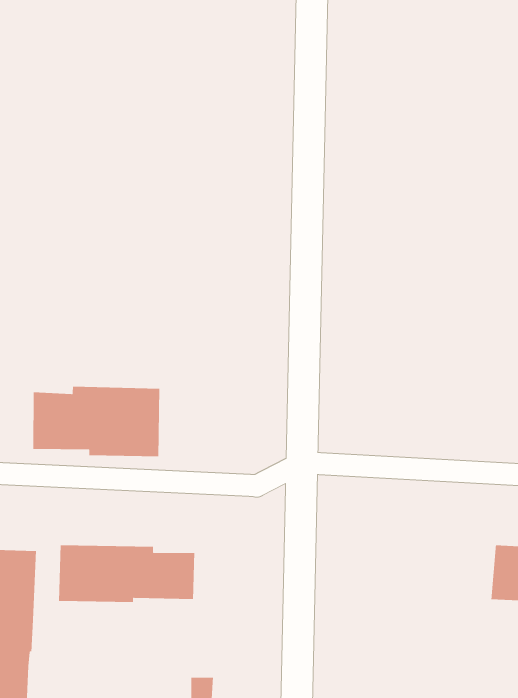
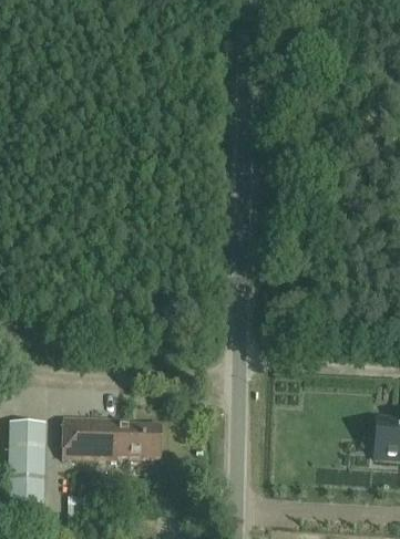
building: [32,386,160,457] -> none

